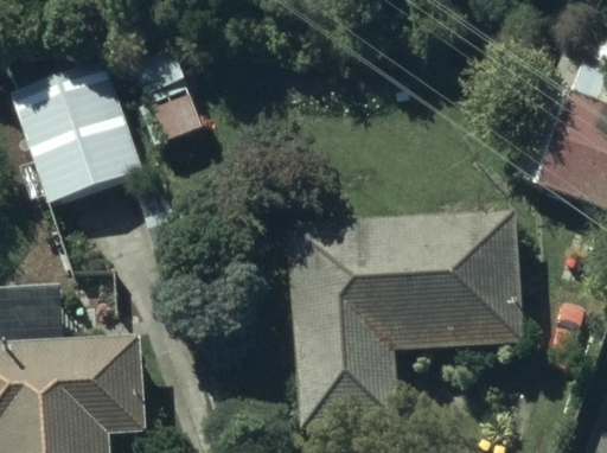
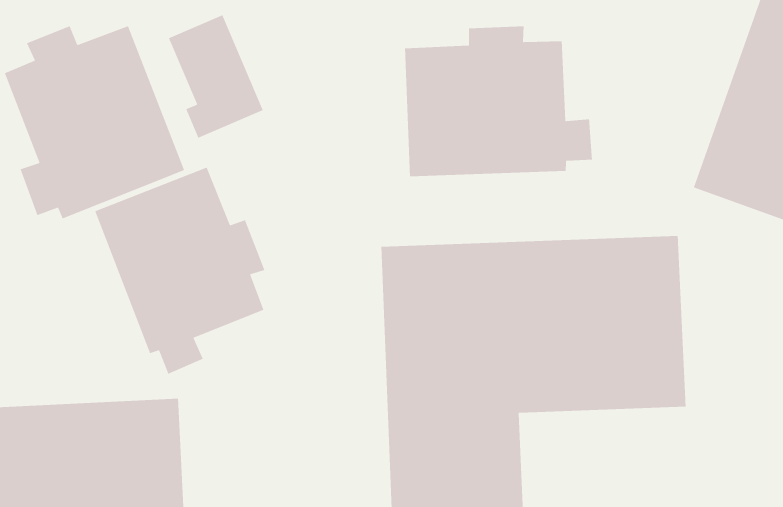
building: none -> [404,26,593,177]
building: none -> [94,167,266,375]

